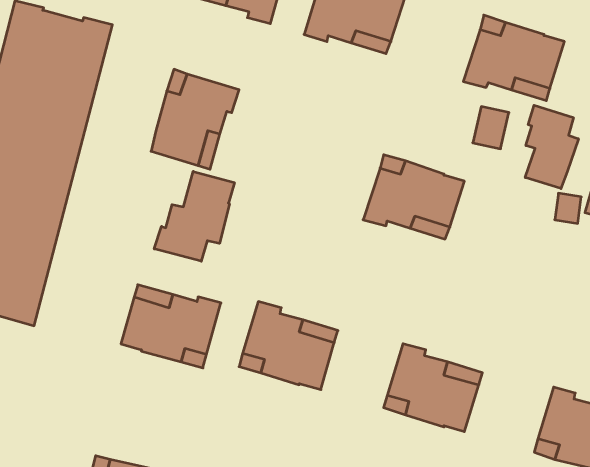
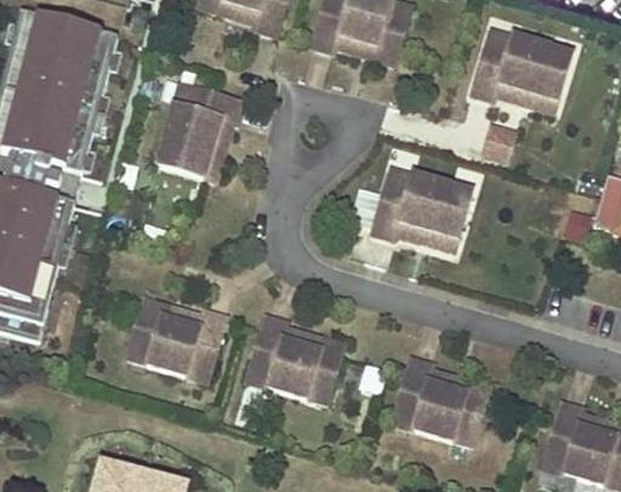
building: [525,105,578,189] -> none
building: [154,171,234,261] -> none

